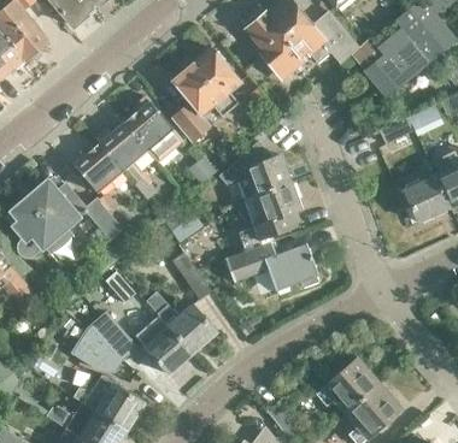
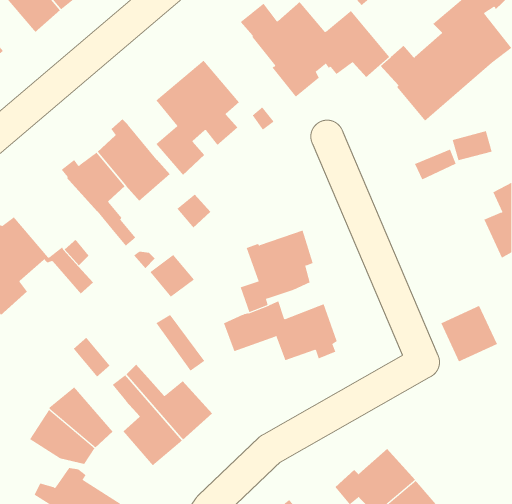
building: [217,142,288,200] -> none
building: [69,143,123,193] -> none
building: [401,177,447,223] -> [441,305,498,362]

